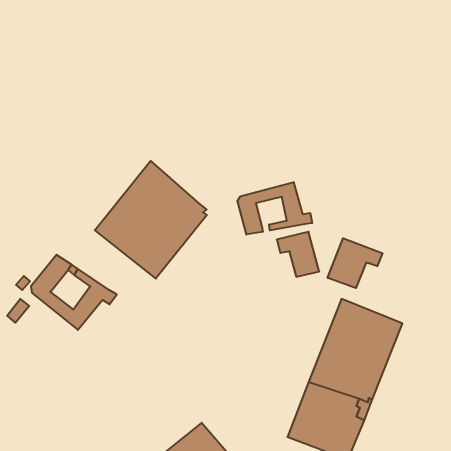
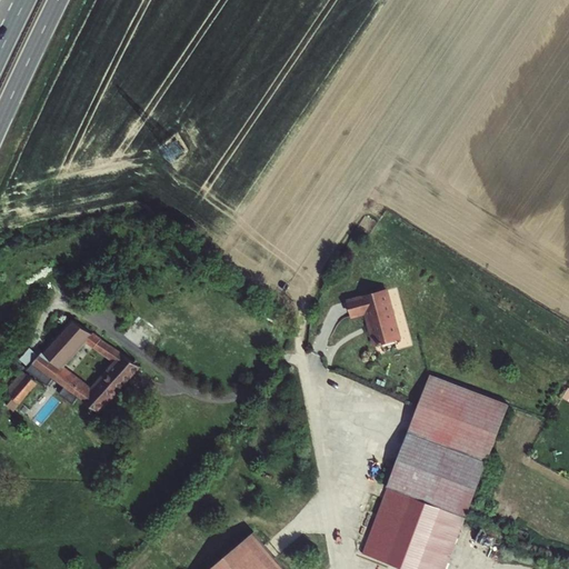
building: [95,161,207,279] -> none
building: [237,182,312,235] -> none
building: [328,238,382,288] -> none

